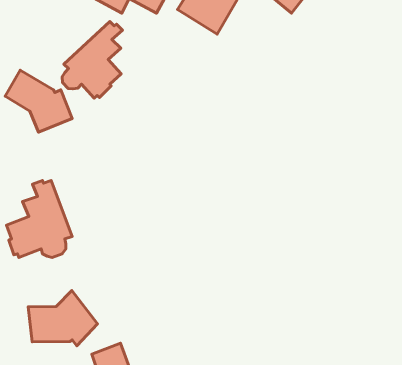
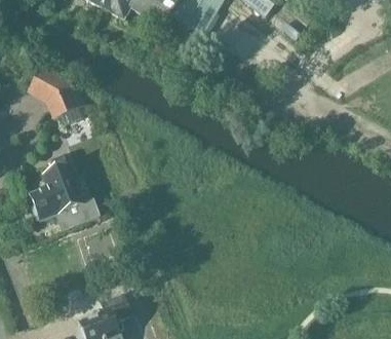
building: [62,22,122,98] -> none
building: [28,290,97,346] -> none

